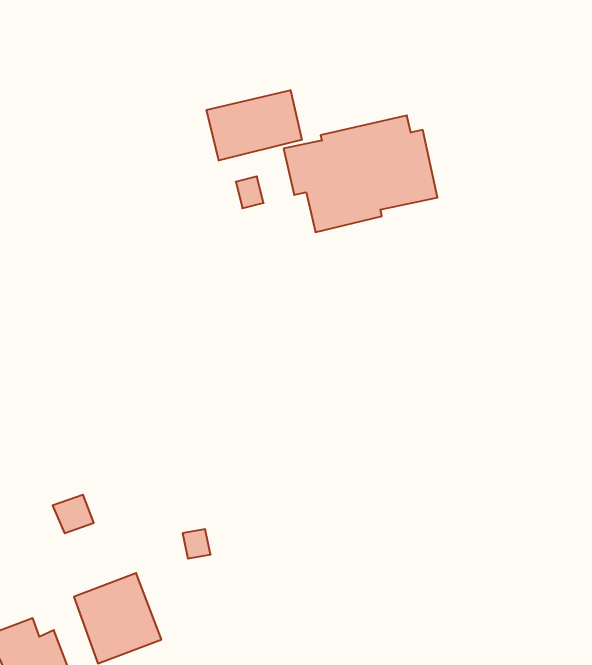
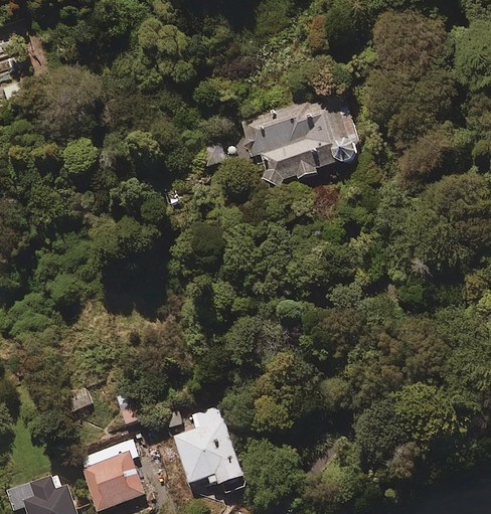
building: [207,90,302,161] -> none
building: none -> [173,407,250,495]

